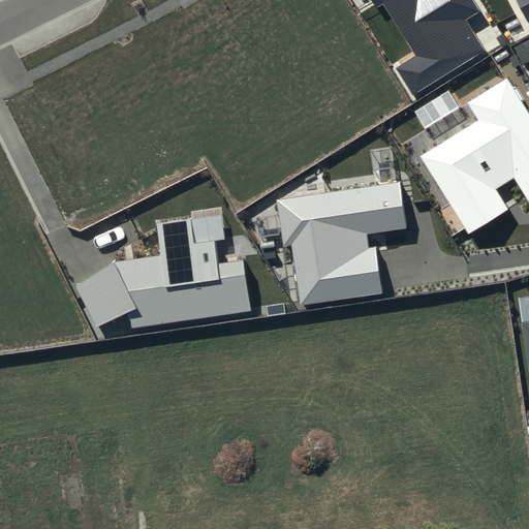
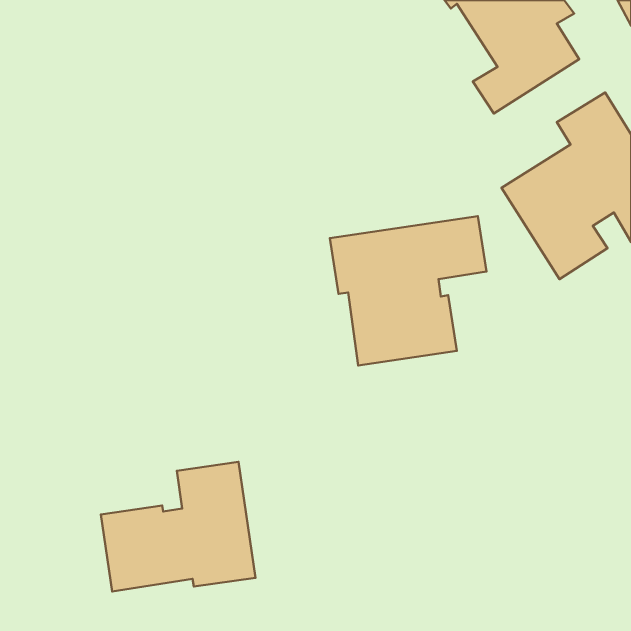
building: [76,214,250,329] -> none
building: none -> [101,462,256,592]

